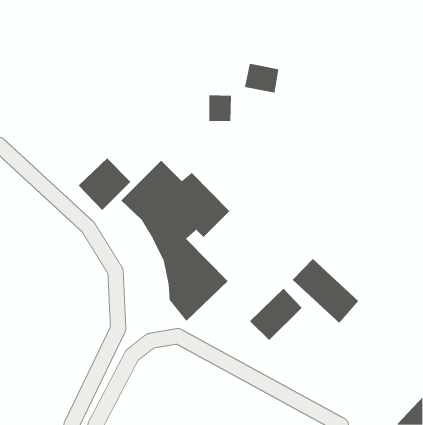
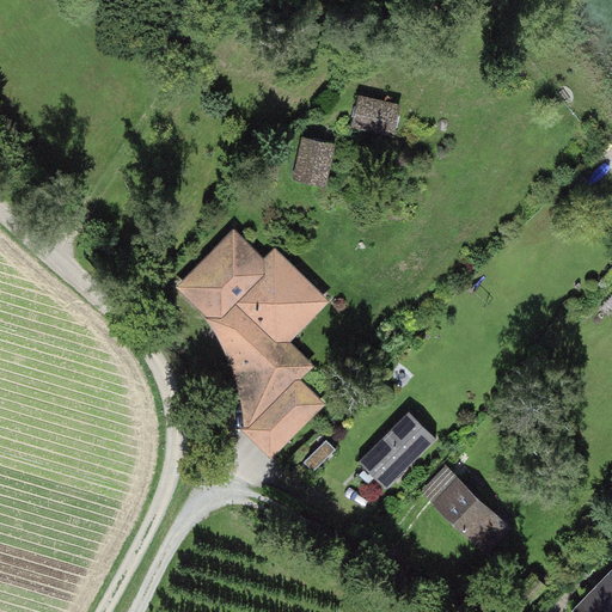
building: [78,157,131,211] -> none
building: [292,258,359,324] -> [417,465,514,559]

